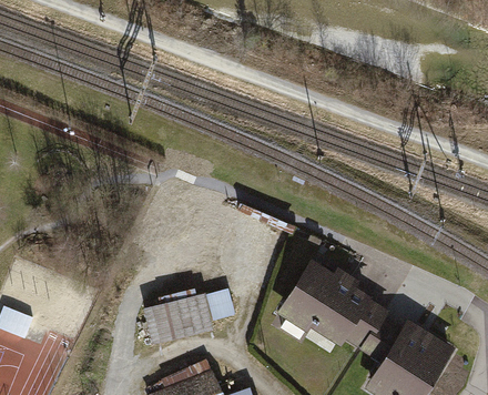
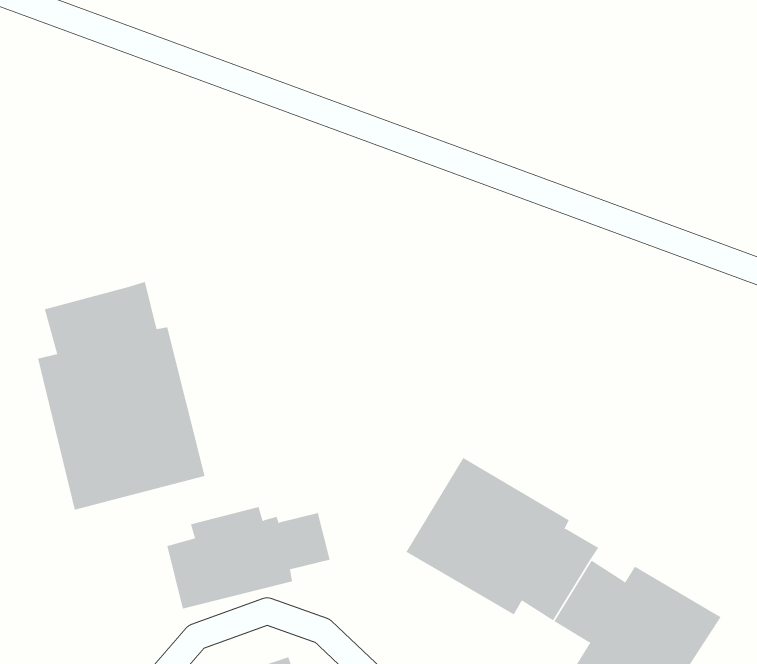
building: none -> [38,281,205,510]

